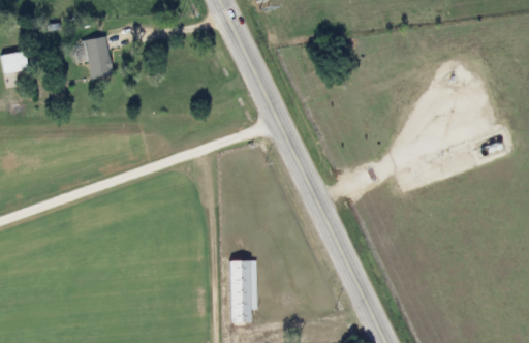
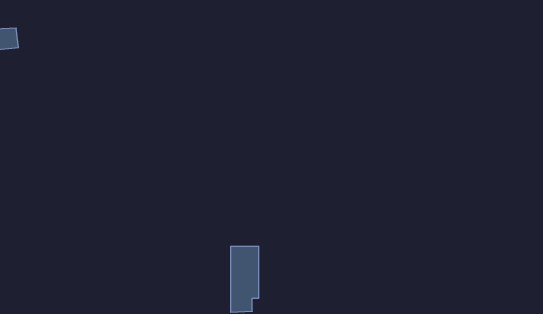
building: [84,36,113,80] -> none

